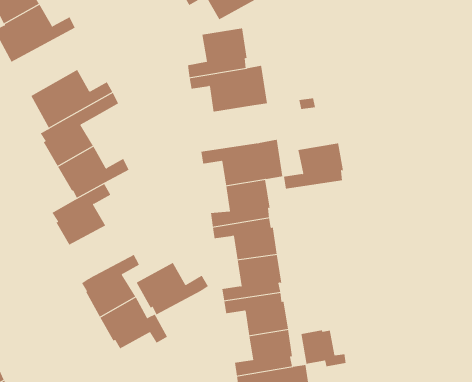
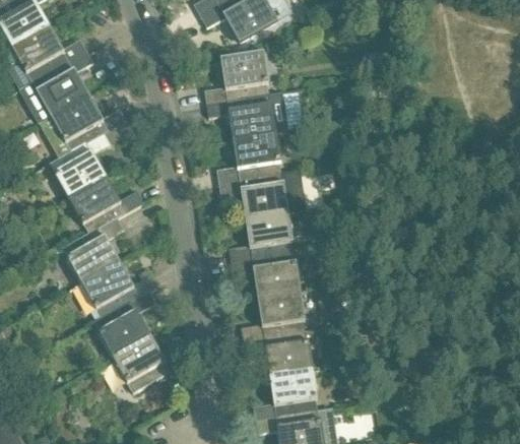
building: none -> [19,50,93,122]
building: [283,143,344,189] -> [217,132,281,181]
building: [136,262,209,315] -> [80,259,157,315]
building: [301,330,346,367] -> none

